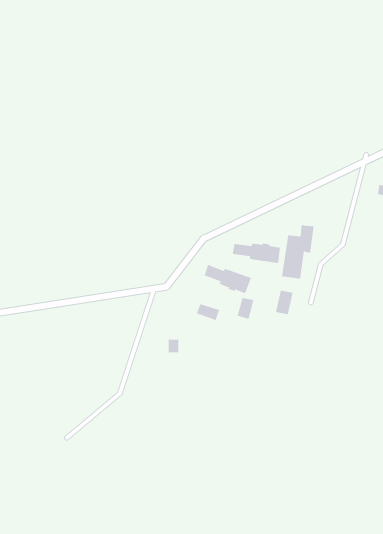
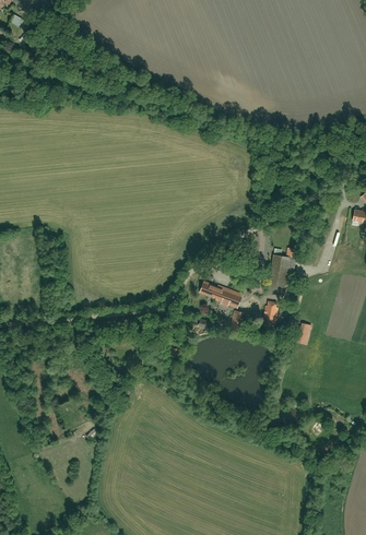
building: [232,243,281,264] -> none

